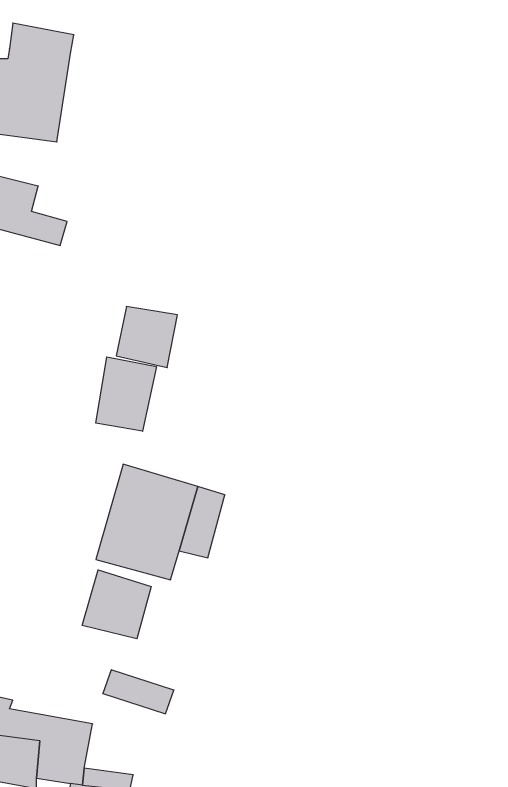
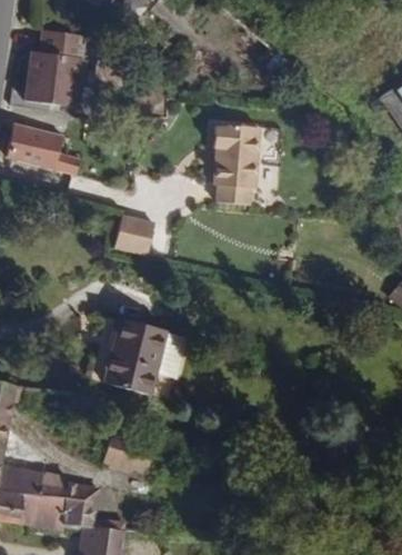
building: none -> [213,121,260,201]
building: [96,357,156,431] -> none
building: [82,570,151,639] -> none

